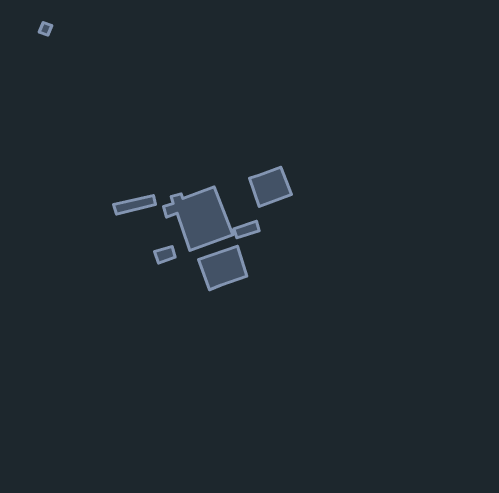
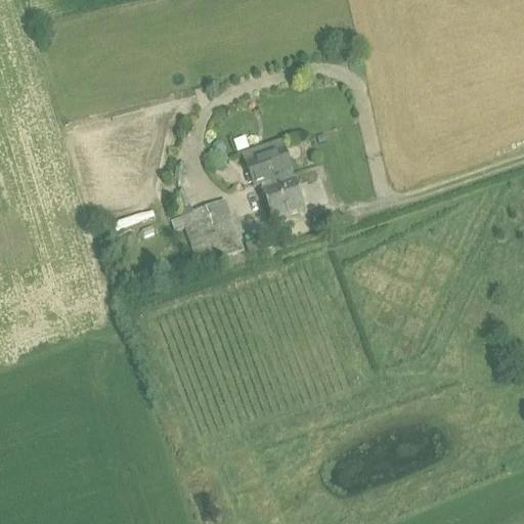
building: none -> [246,145,295,183]
building: [199,246,247,290] -> none

